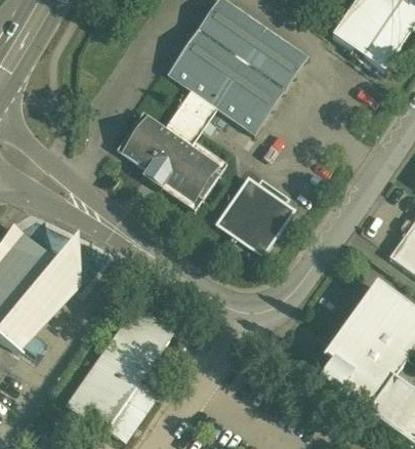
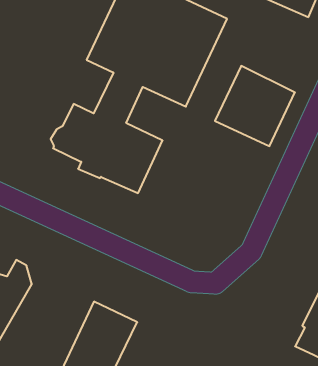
building: [215,175,296,256] -> [215,66,295,146]

